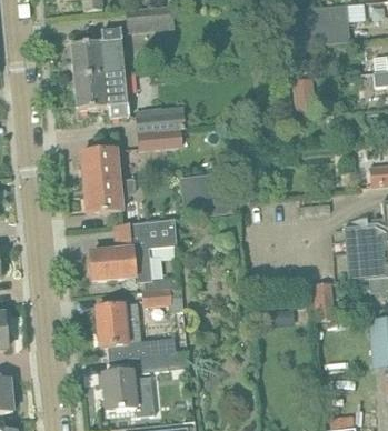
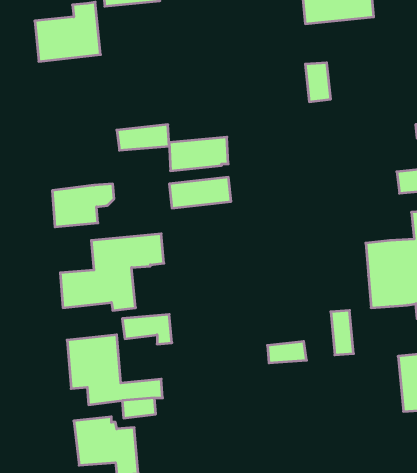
building: [73,70,129,116] -> none
building: [137,104,186,132] -> [169,137,228,171]
building: [81,147,123,182] -> none

